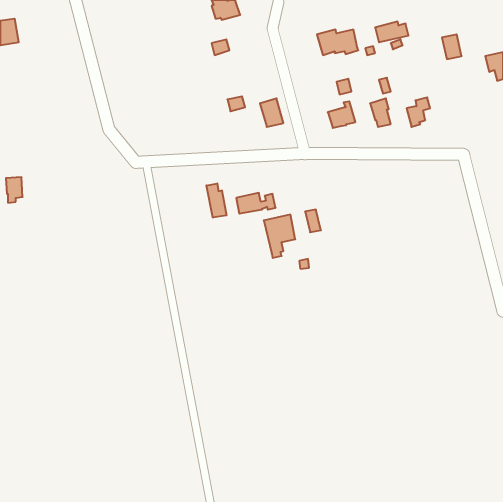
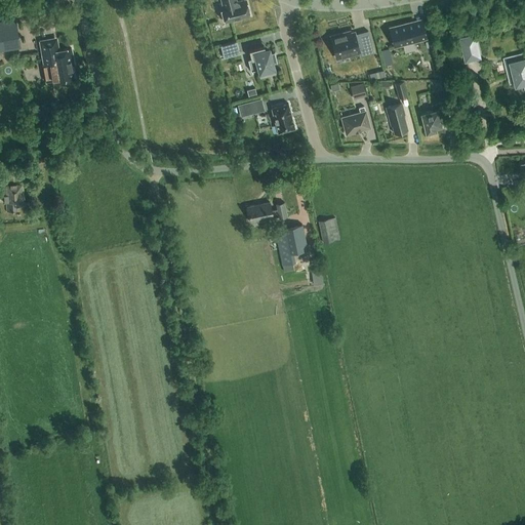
building: none -> [39,38,75,82]
building: none -> [247,46,277,76]
building: [206,183,226,218] -> none

